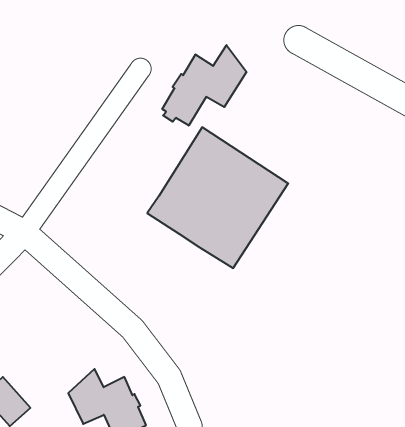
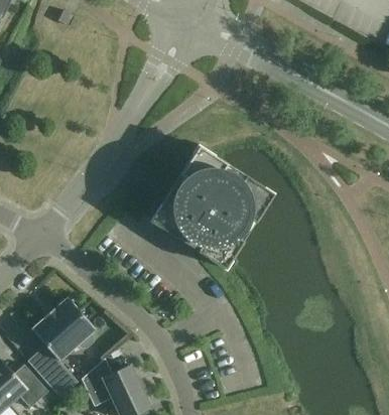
building: [162,45,246,126] -> none
building: none -> [28,297,96,398]

